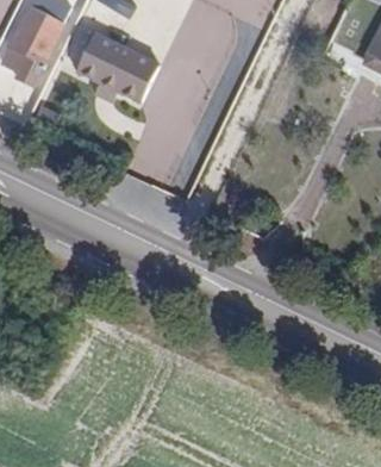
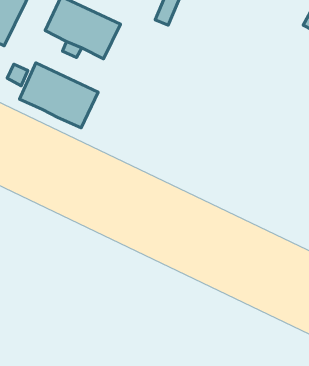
building: none -> [19,63,98,128]

